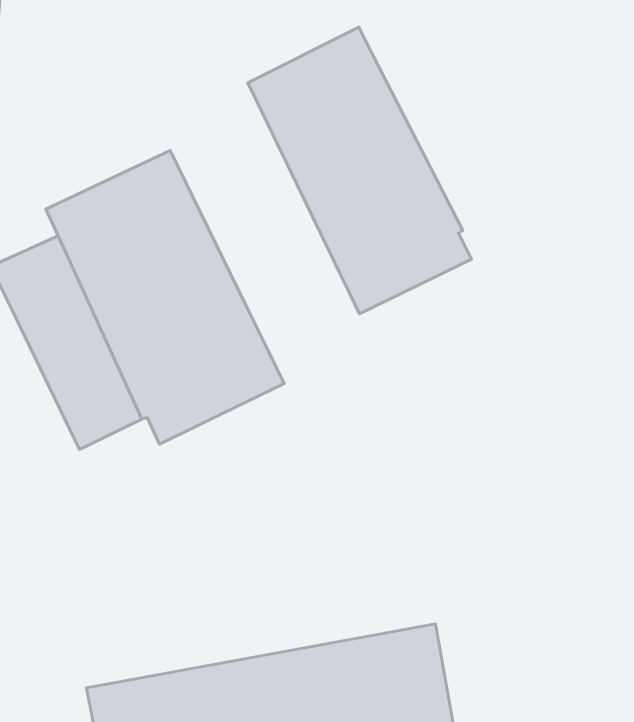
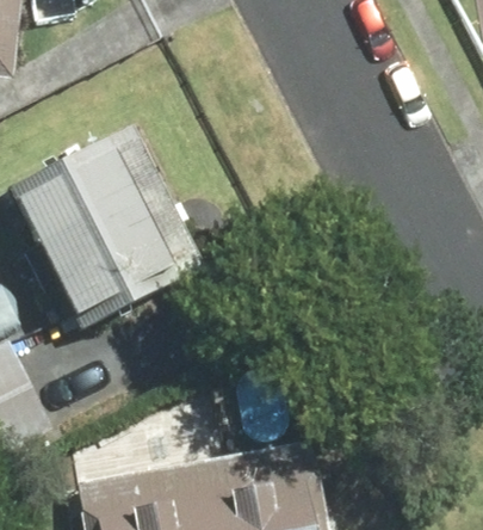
building: [248,27,472,314] -> none

